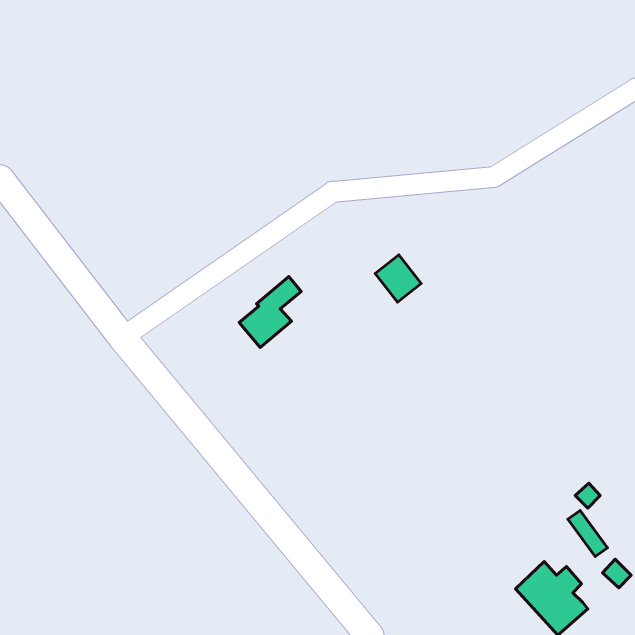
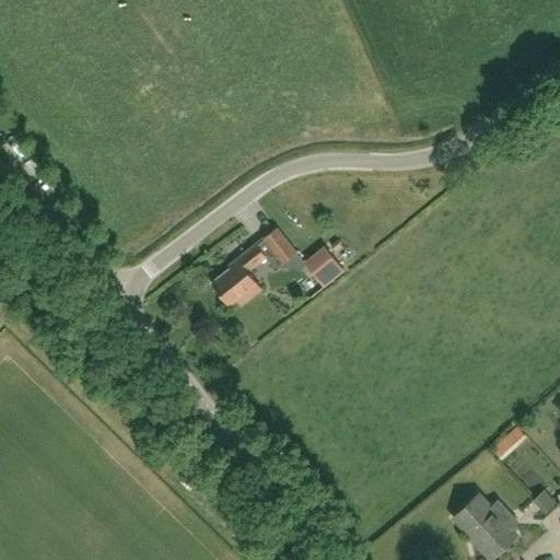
building: [375,255,421,302] -> [305,247,346,289]
building: none -> [264,228,299,265]

